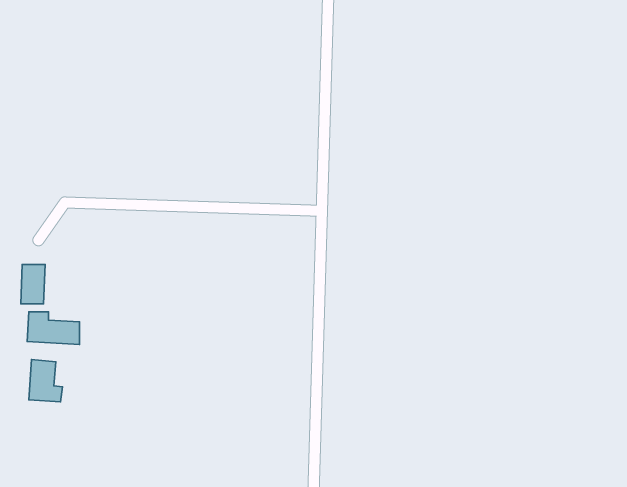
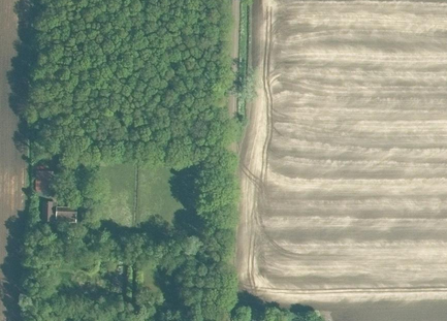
building: [29,359,63,402] -> none

